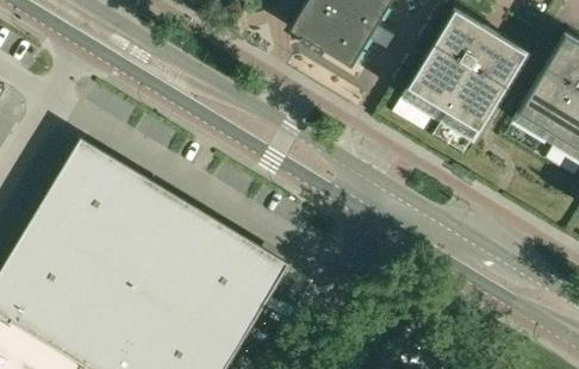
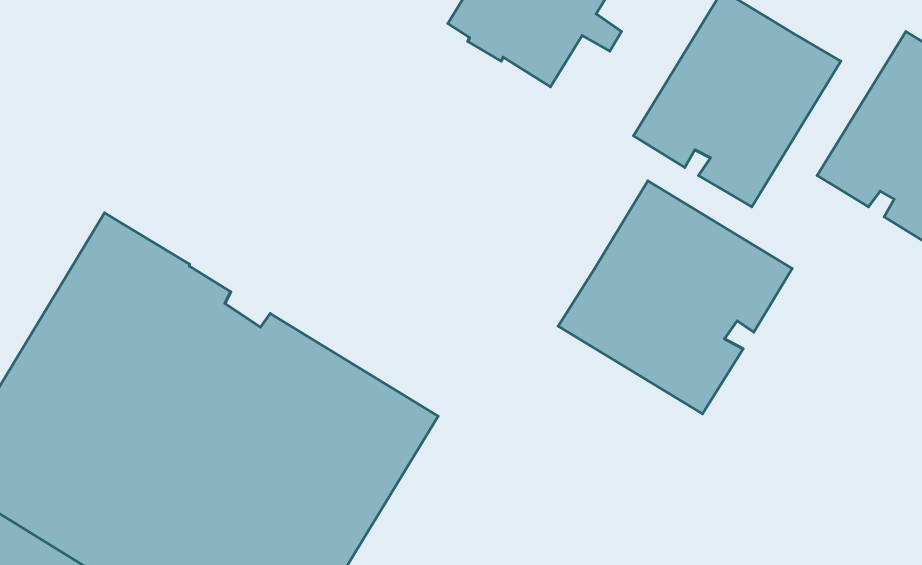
building: none -> [558,181,792,414]

